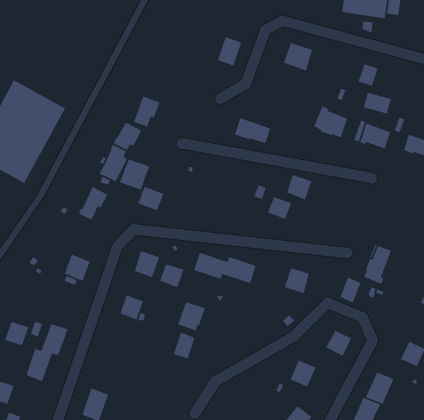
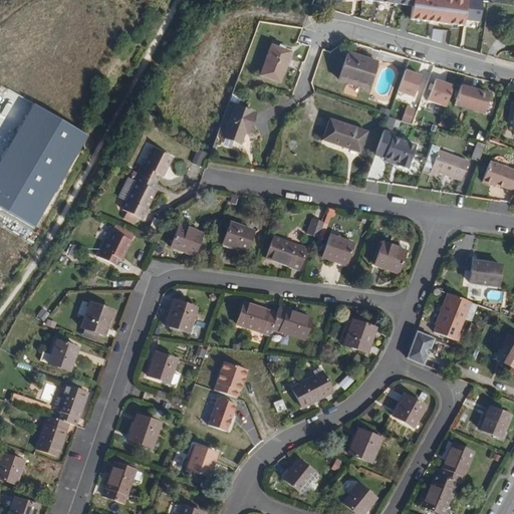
building: none -> [400,68,423,94]
building: [363,92,392,115] -> [457,84,491,111]
building: [133,95,160,128] -> [226,104,258,143]
building: [234,117,271,144] -> [323,117,367,150]
building: [119,158,151,190] -> none
building: [286,174,312,200] -> [373,242,405,273]
building: none -> [223,223,253,252]
building: none -> [265,236,305,268]
building: none -> [471,257,504,284]
building: [159,263,184,288] -> none
building: none -> [291,369,332,406]
building: [4,321,29,346] -> [47,340,77,370]
building: none -> [127,415,160,448]
building: none -> [186,446,216,476]
building: none -> [284,459,316,495]

